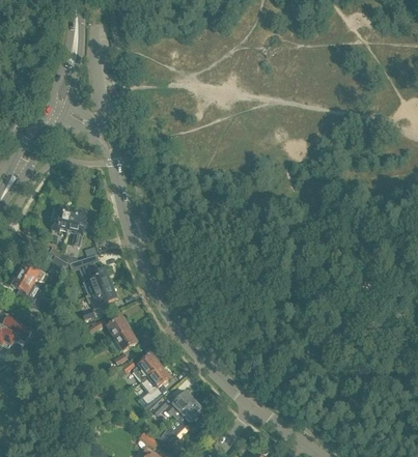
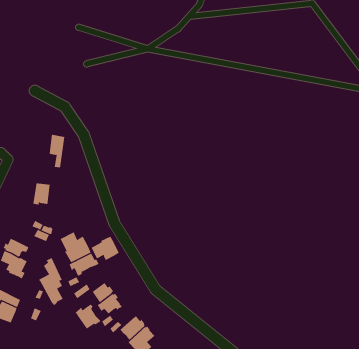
building: [68,208,87,245] -> [49,134,65,168]
building: none -> [91,236,120,261]
building: none -> [38,257,64,306]
building: none -> [75,304,101,330]

